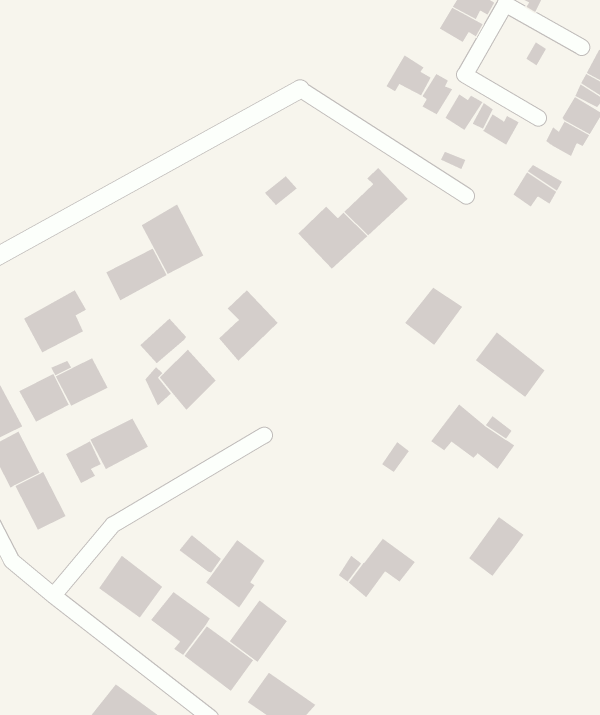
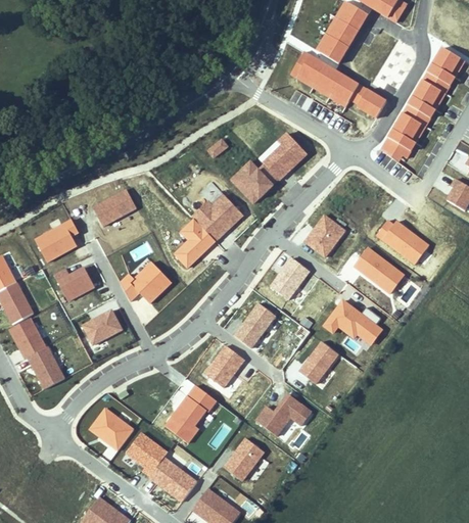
building: none -> [320,33,350,58]
building: none -> [394,115,425,141]
building: [141,204,204,275] -> none
building: none -> [190,193,242,241]
building: none -> [374,220,429,264]
building: [139,318,187,364] -> none
building: none -> [269,257,309,301]
building: [18,373,69,423] -> none
building: none -> [233,302,276,349]
building: [65,440,102,484] -> none
building: none -> [203,344,244,386]
building: [468,516,524,577] -> [297,341,337,384]
building: [179,534,222,573] -> [185,383,216,411]
building: [229,599,288,663] -> [222,436,264,481]

